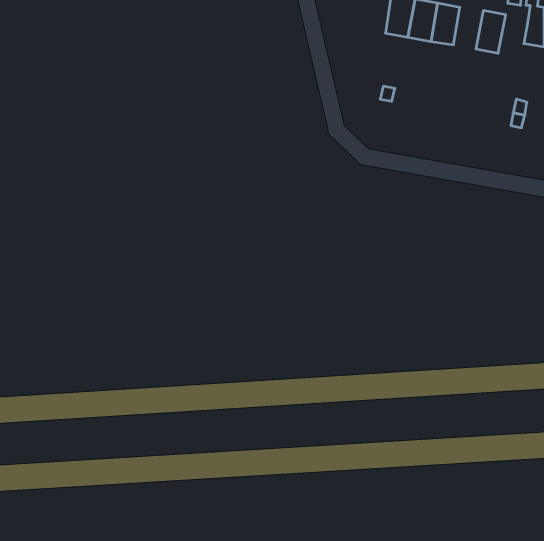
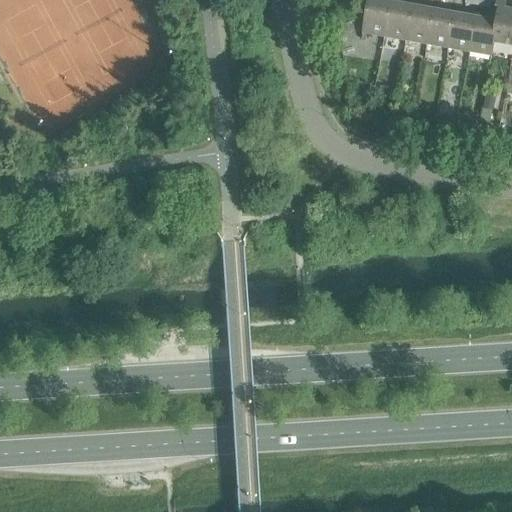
building: none -> [426,7,454,46]
building: none -> [468,14,496,54]

